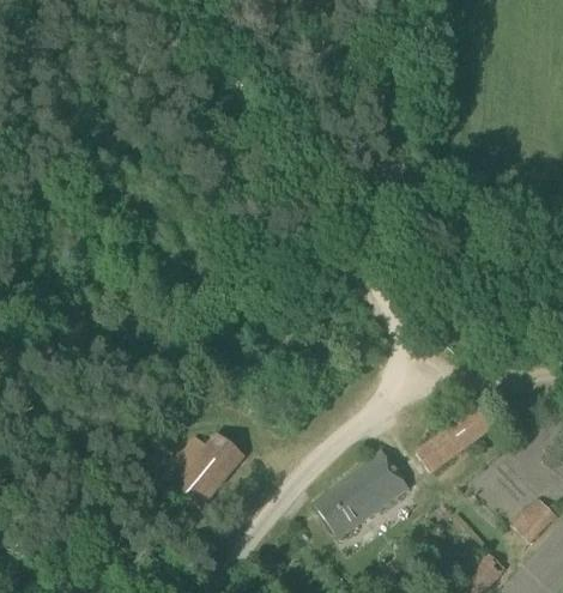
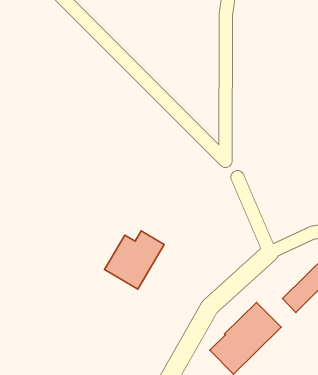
building: [163,434,243,507] -> [105,231,164,289]

